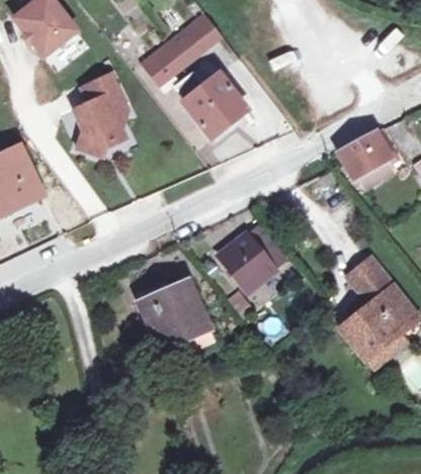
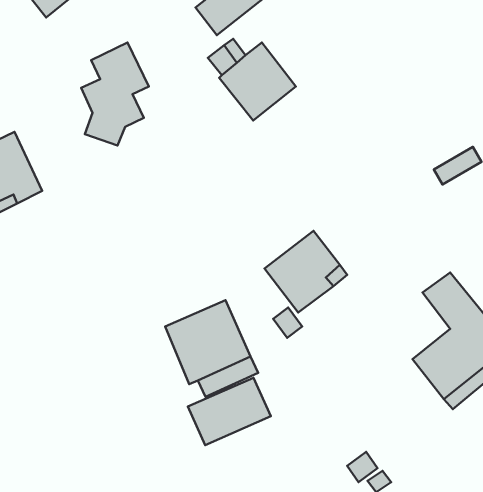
building: [143,44,182,84] -> none
building: [340,130,392,177] -> none
building: none -> [188,378,271,445]

